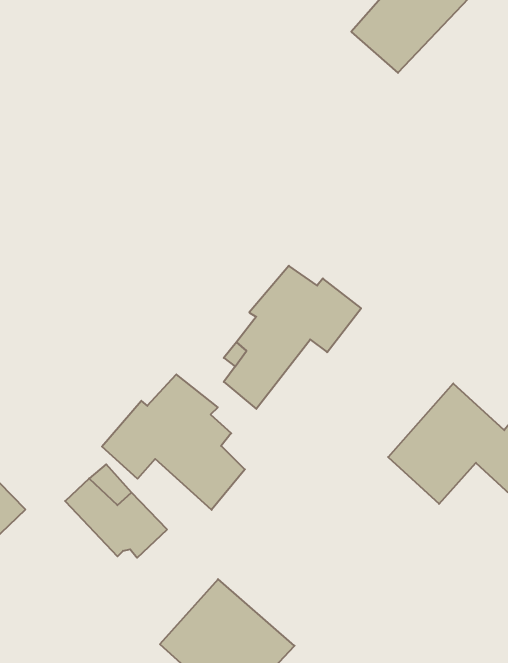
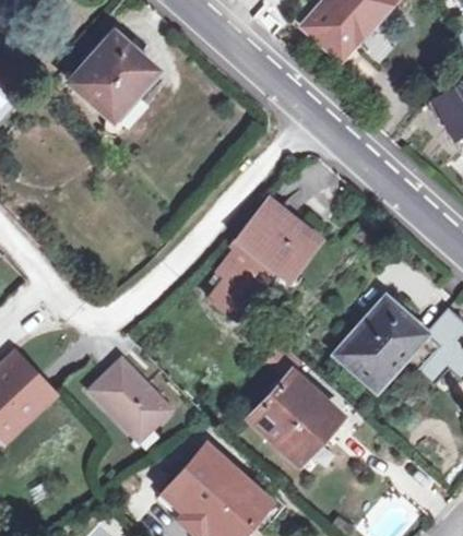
building: none -> [72,29,149,115]
building: [102,374,245,510] -> none
building: none -> [251,374,343,460]

